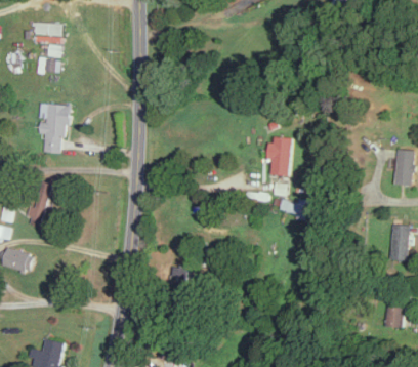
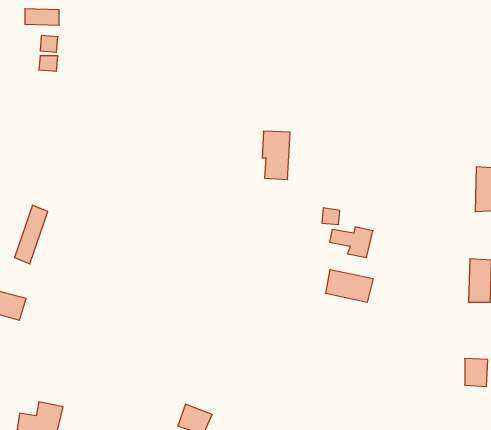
building: [37,103,71,154] -> none
building: [267,137,290,176] -> [262,131,290,180]
building: none -> [326,269,373,302]

